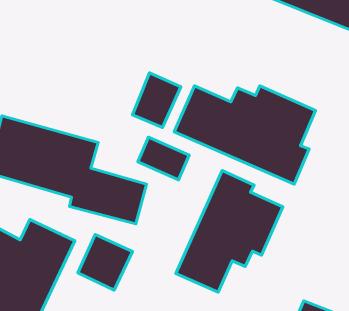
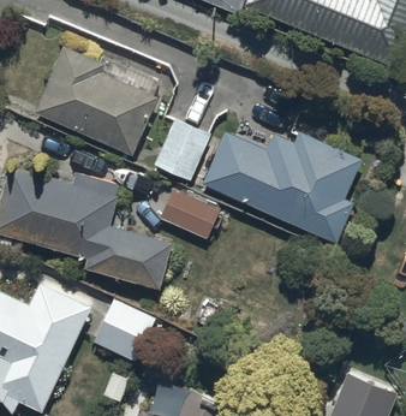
building: none -> [36,46,157,154]
building: [176,170,283,292] -> none

